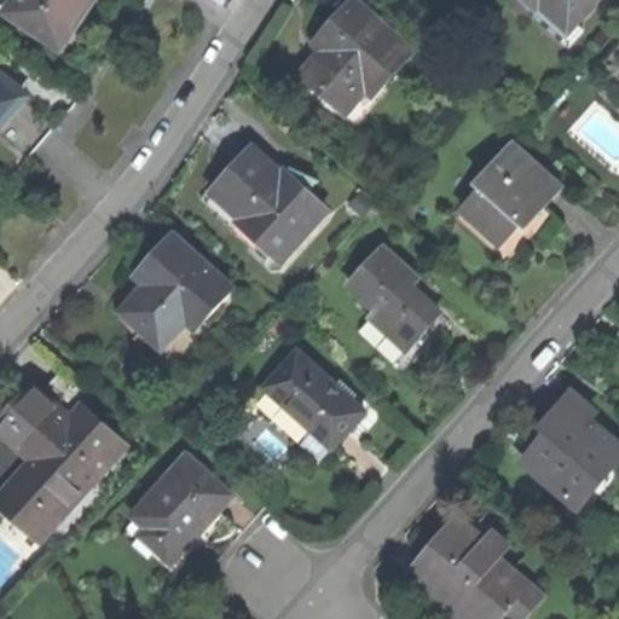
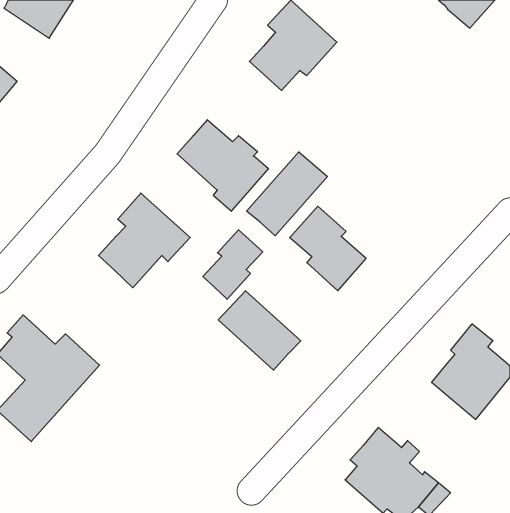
building: [457,144,561,260] -> none
building: none -> [247,152,327,236]
building: none -> [203,230,263,299]
building: [129,451,230,559] -> none

